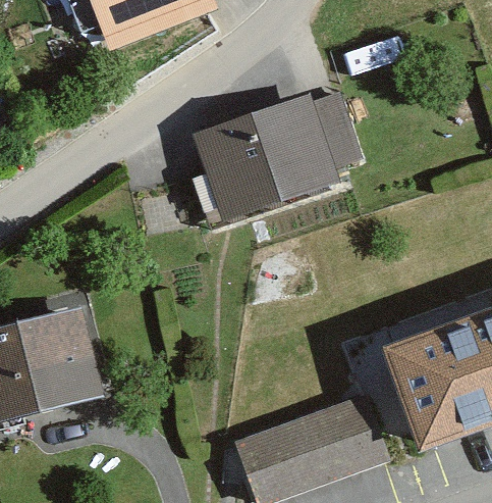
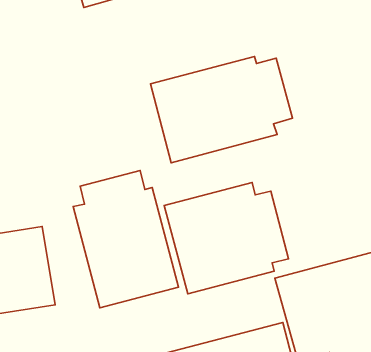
building: none -> [73,170,178,308]
building: none -> [164,182,289,294]

